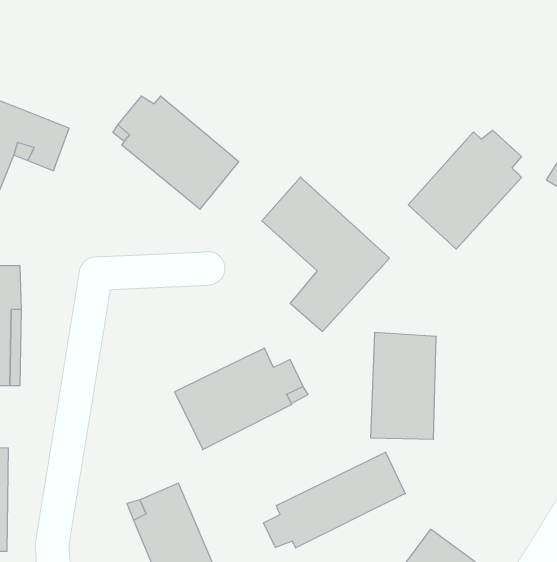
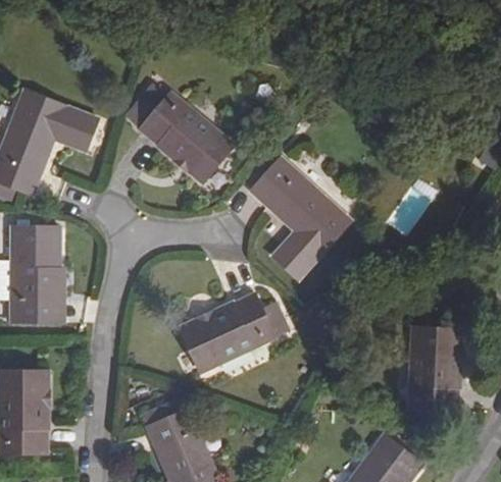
building: [408,130,522,249] -> none
building: [371,333,436,439] -> [407,327,459,412]
building: [264,452,405,548] -> none

